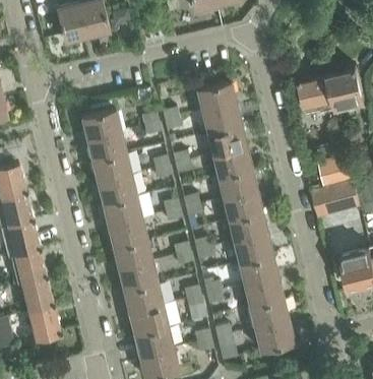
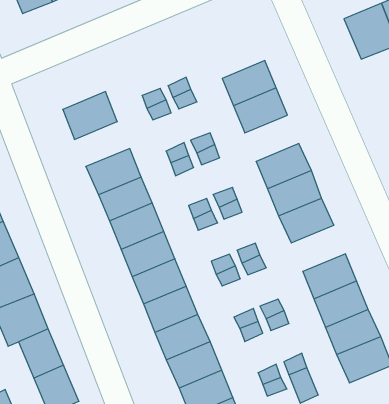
building: [196,80,236,113] -> none
building: [86,132,126,162] -> none
building: [212,147,251,178] -> none
building: [234,234,272,264] -> none

